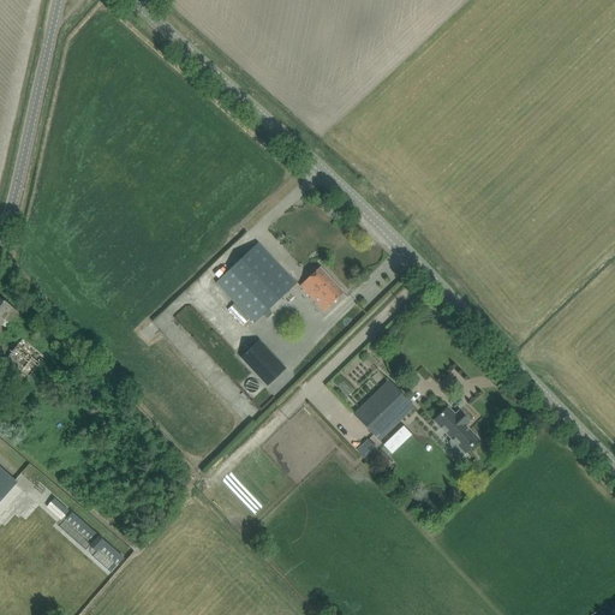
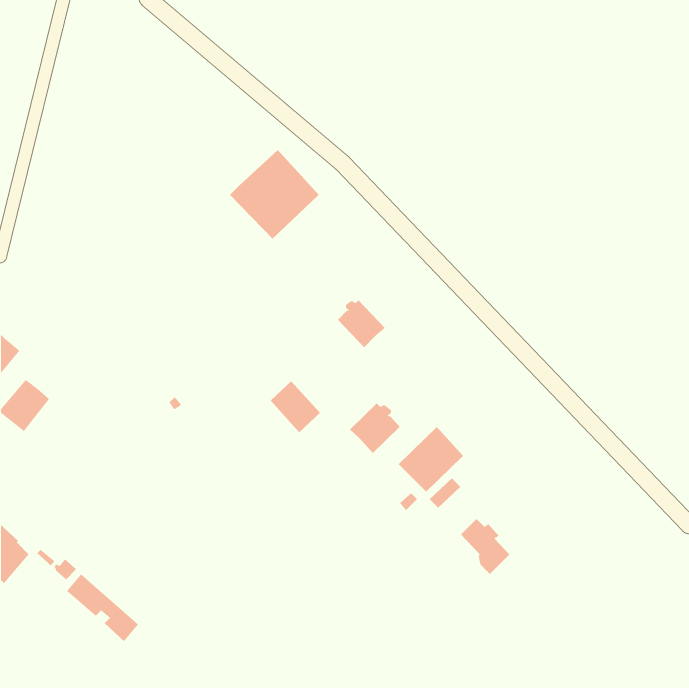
building: [215,241,295,322] -> [229,149,320,239]
building: none -> [349,403,401,454]
building: [434,406,478,456] -> [460,518,510,575]

